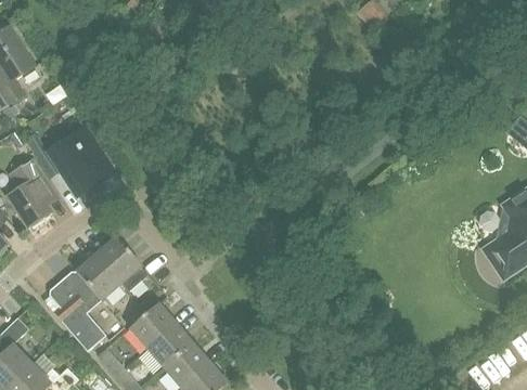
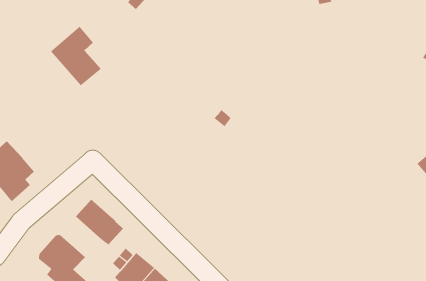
building: [49,128,103,195] -> [50,26,101,86]
building: [77,253,121,300] -> none

